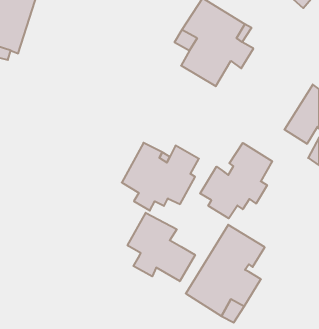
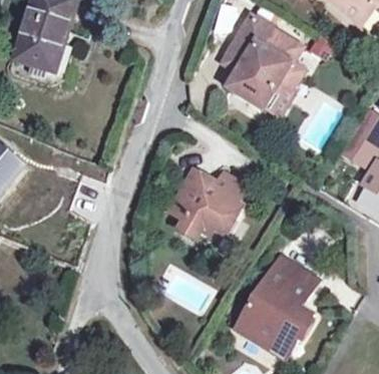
building: [200,143,272,218] -> none
building: [128,213,195,281] -> none

